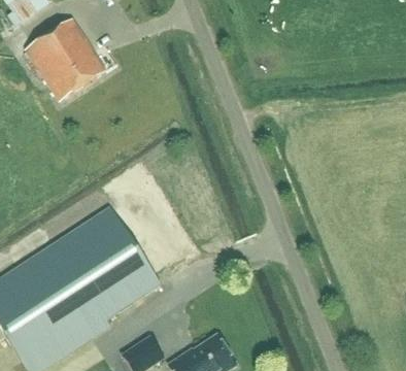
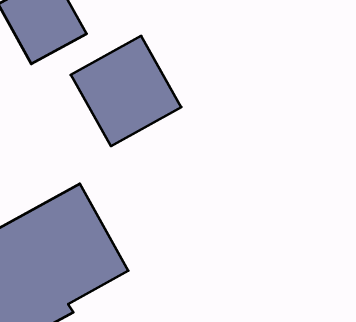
building: none -> [71,36,181,146]

